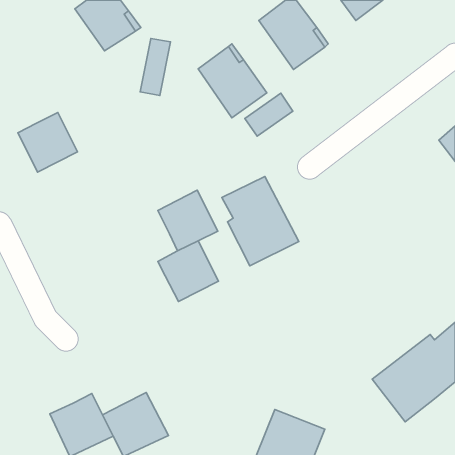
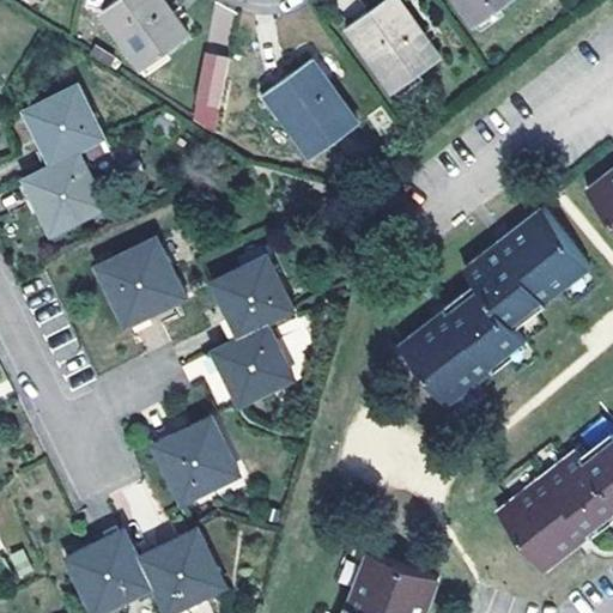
building: none -> [23,84,104,166]
building: [245,93,293,136] -> none
building: none -> [402,210,587,401]
building: [222,176,299,266] -> none
building: none -> [93,238,186,328]
building: none -> [154,417,239,503]

